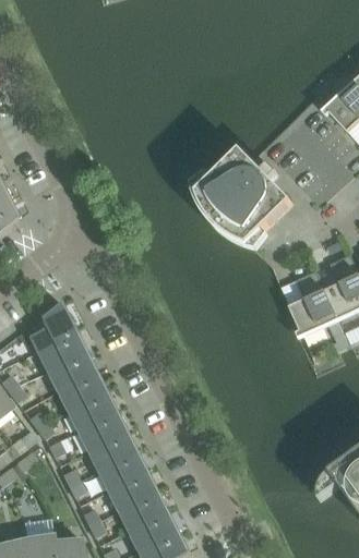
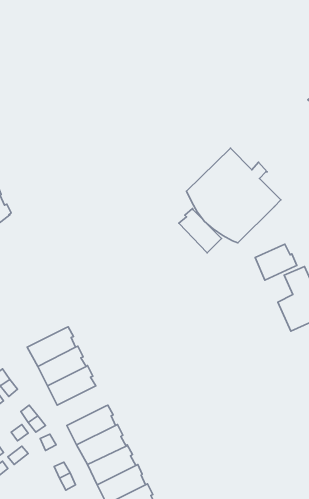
building: none -> [179,209,222,253]
building: none -> [255,244,297,280]
building: [28,303,75,353] -> none
building: [67,392,116,433] -> none

